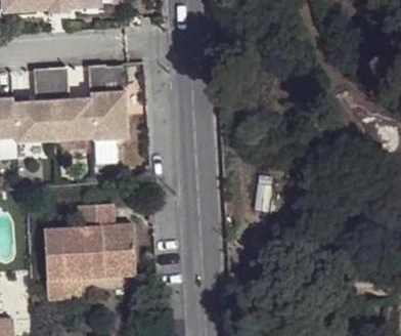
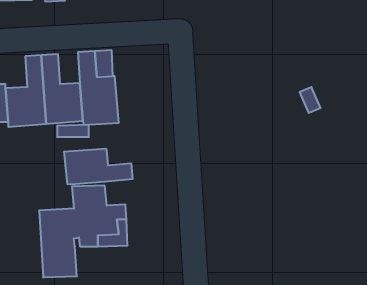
building: none -> [64,149,133,184]

